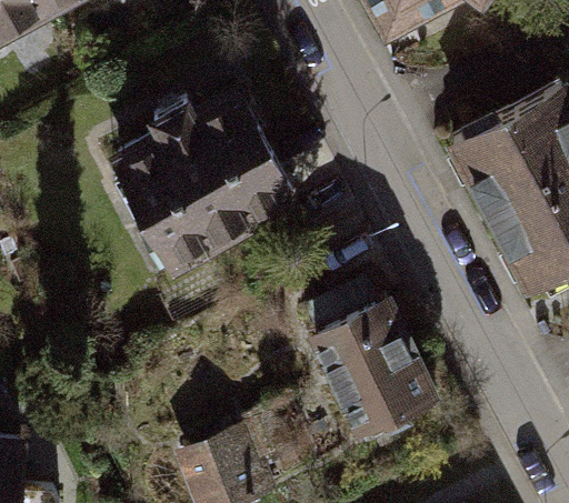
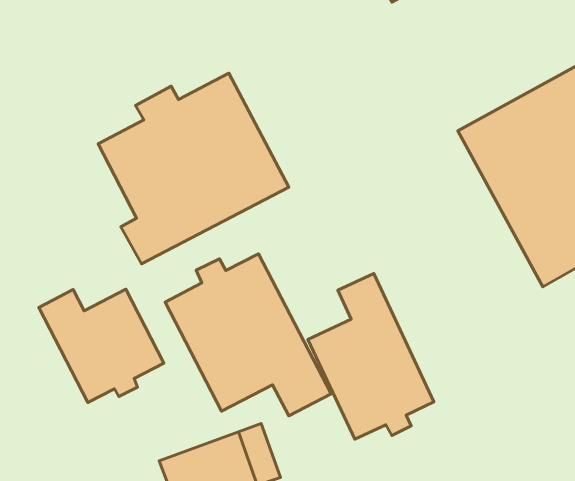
building: none -> [165,254,331,416]
building: none -> [39,289,164,402]

